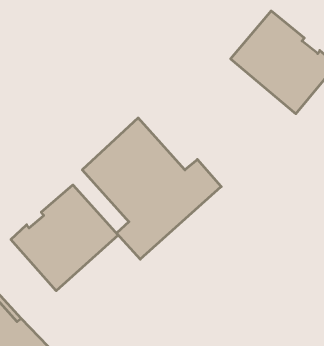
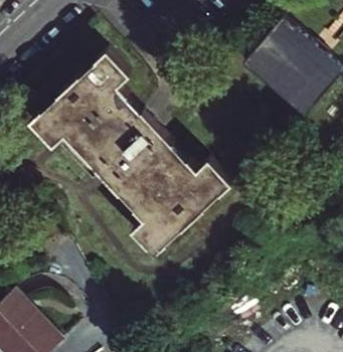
building: none -> [30,48,150,171]
building: [11,185,118,291] -> none

